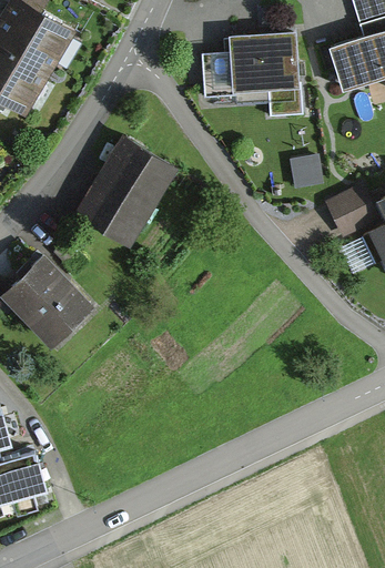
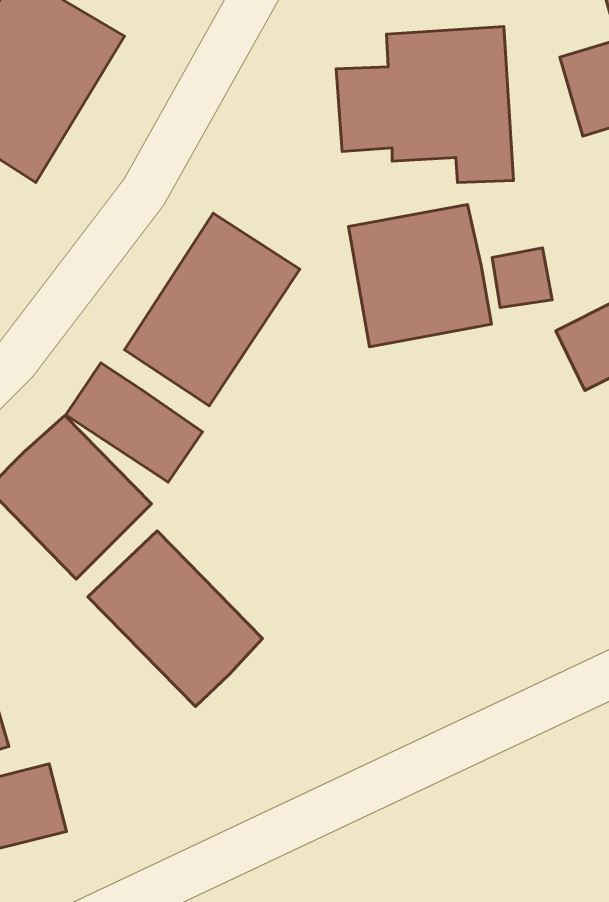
building: none -> [348,204,491,347]
building: none -> [66,363,203,482]
building: none -> [88,531,263,707]

